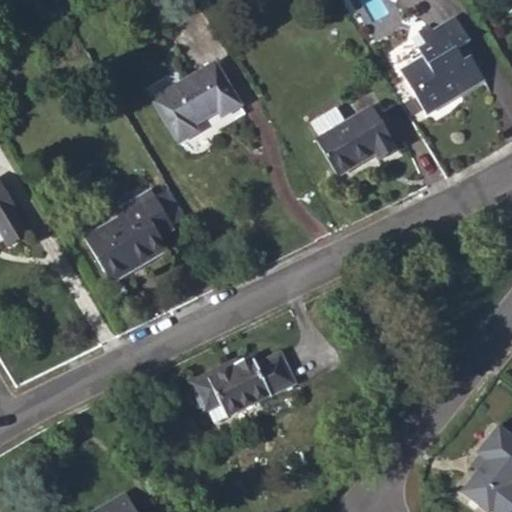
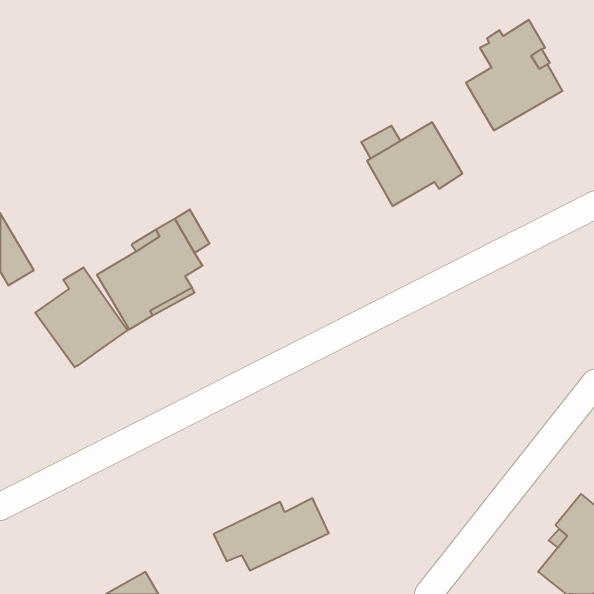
building: [153,63,240,142] -> none
building: none -> [35,267,128,367]
building: [195,352,294,414] -> [214,498,329,570]

